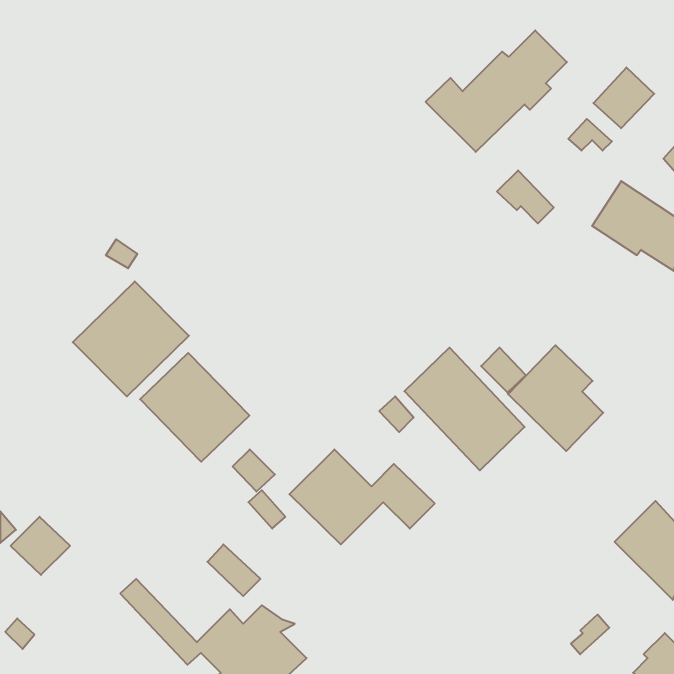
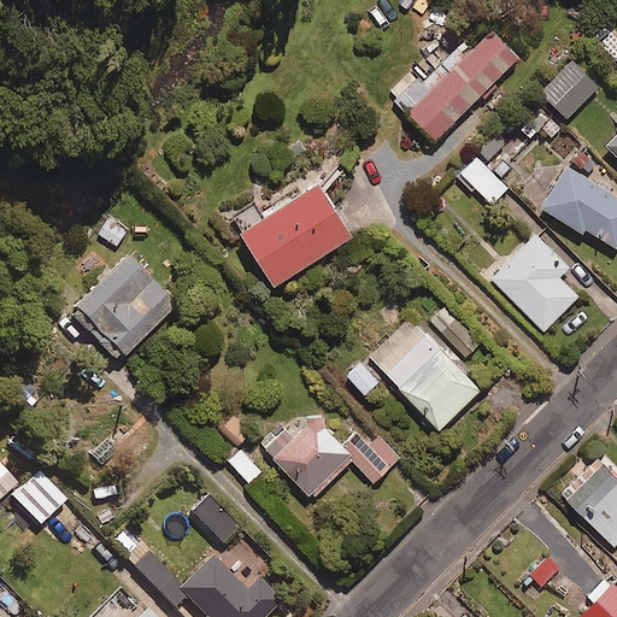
building: none -> [239,184,351,287]
building: [508,345,603,451] -> [492,235,578,331]
building: [140,353,249,462] -> none

